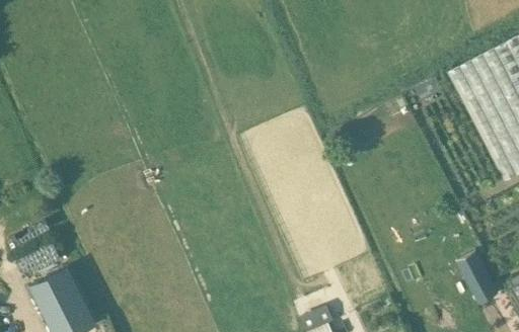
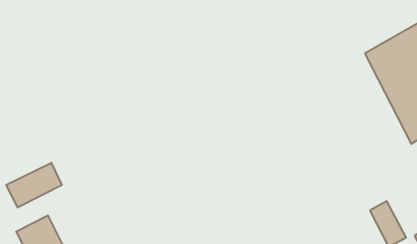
building: none -> [6,163,62,208]

